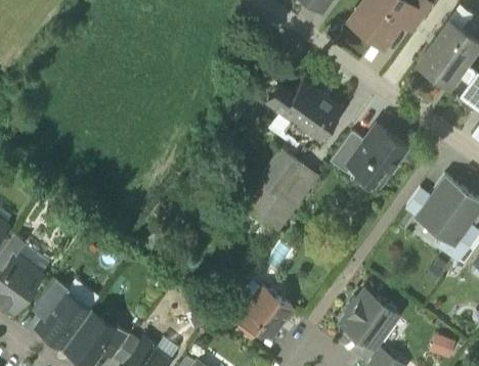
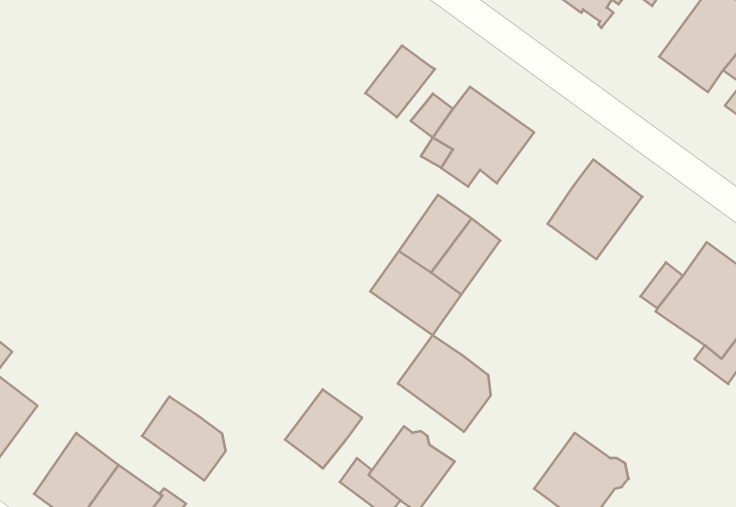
building: none -> [365,46,435,117]
building: [331,132,365,173] -> none
building: none -> [398,335,490,432]
building: none -> [285,389,362,468]
building: none -> [142,397,225,480]
building: [33,278,69,317] -> none

